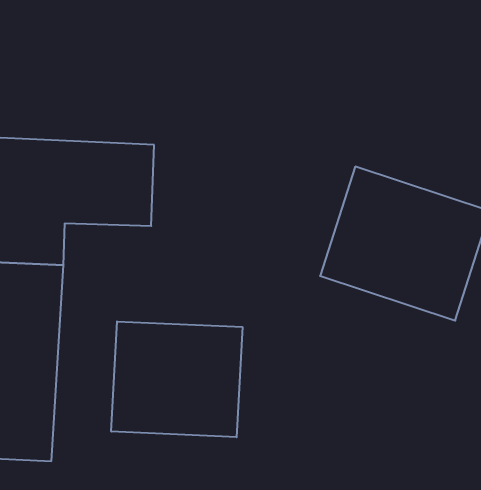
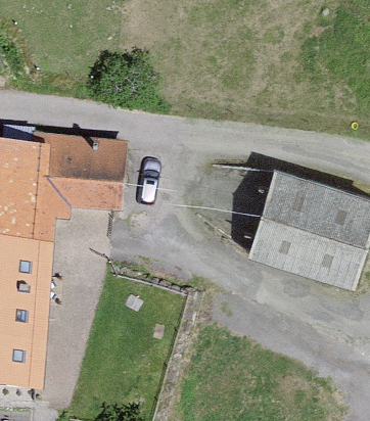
building: [111,321,242,437] -> none

